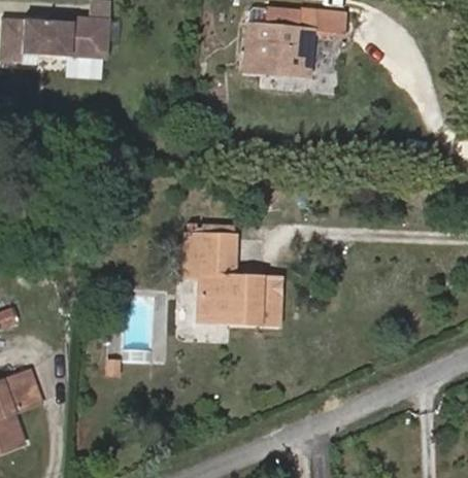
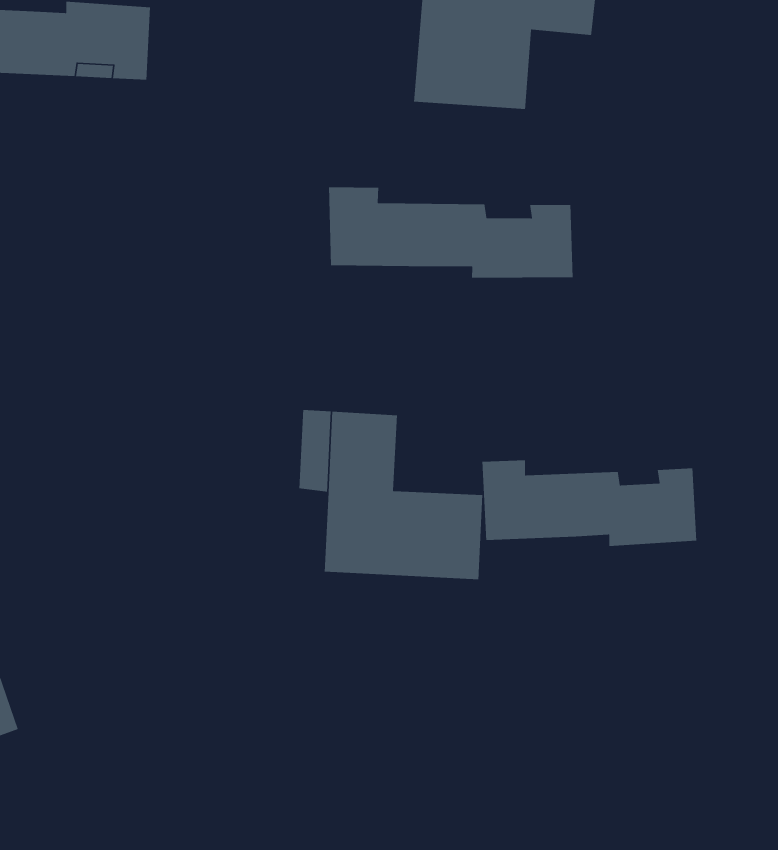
building: none -> [328,186,573,279]
building: none -> [481,459,697,547]

